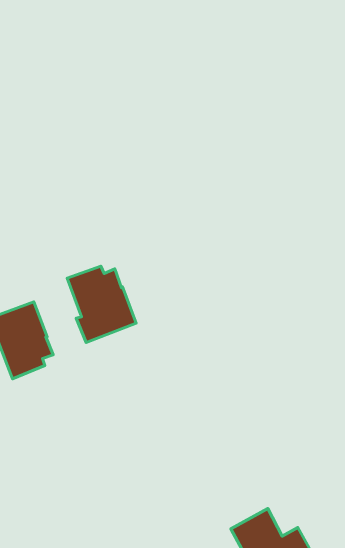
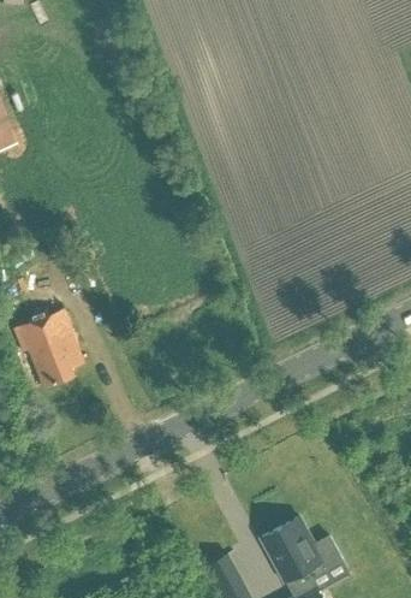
building: [67,266,136,343] -> none

